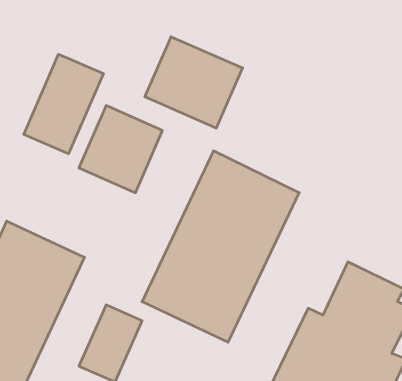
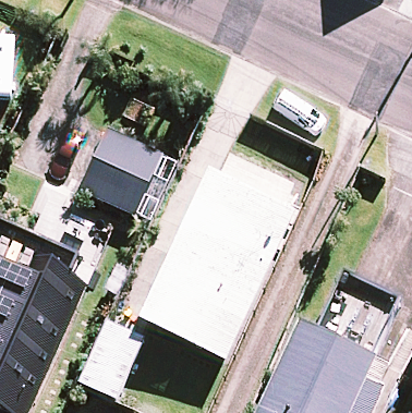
building: [145,37,243,128] -> none
building: [24,54,103,154] -> none

